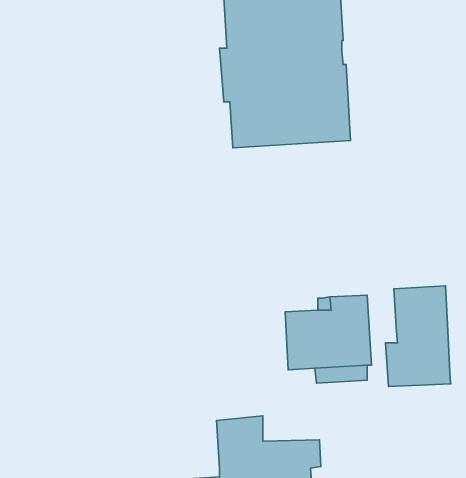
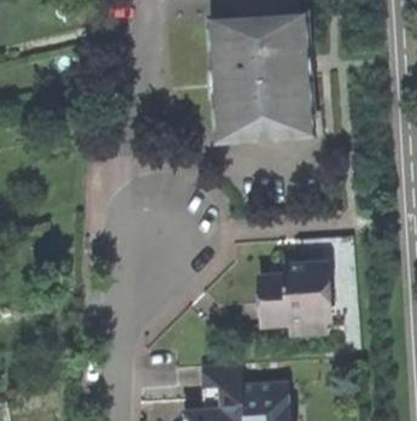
building: [386,286,451,386] -> none

